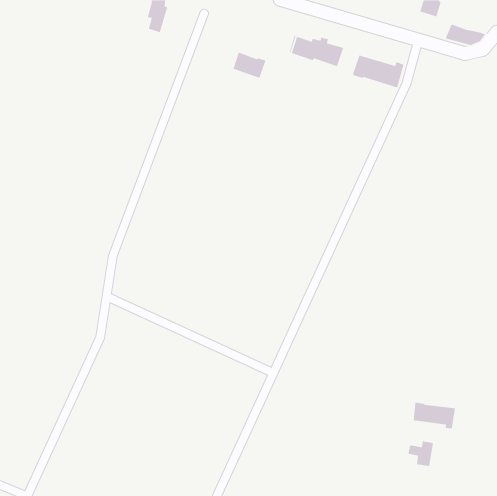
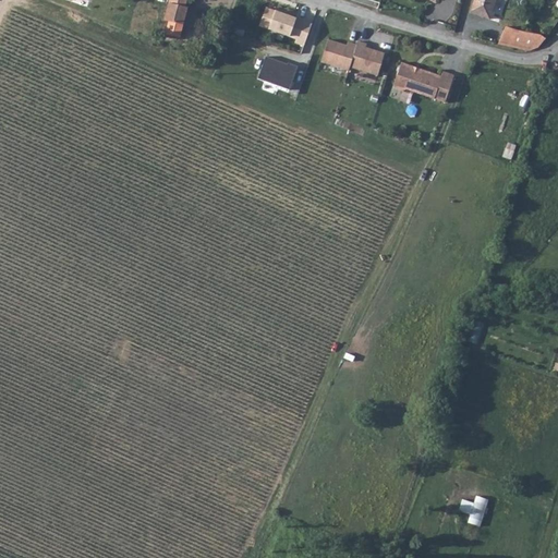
building: none -> [260,8,312,47]
building: [413,402,456,429] -> none

